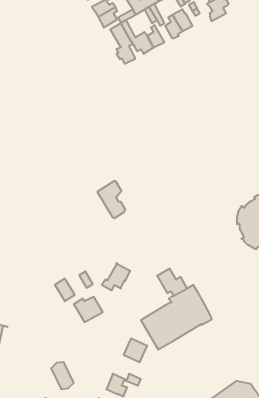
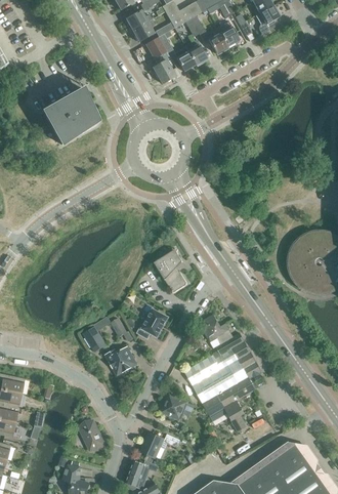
building: none -> [42,88,97,145]
building: [97,181,125,218] -> [154,250,185,292]
building: none -> [199,377,255,434]

